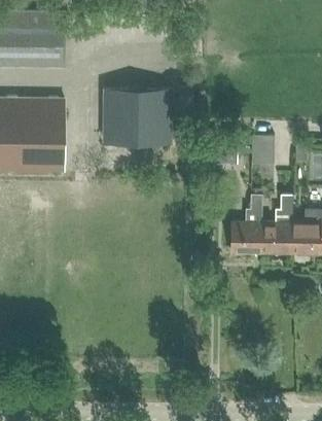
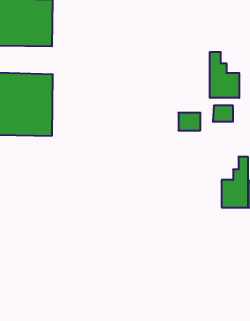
building: none -> [210,52,239,98]
building: [102,87,172,144] -> none
building: [230,195,261,253] -> none

